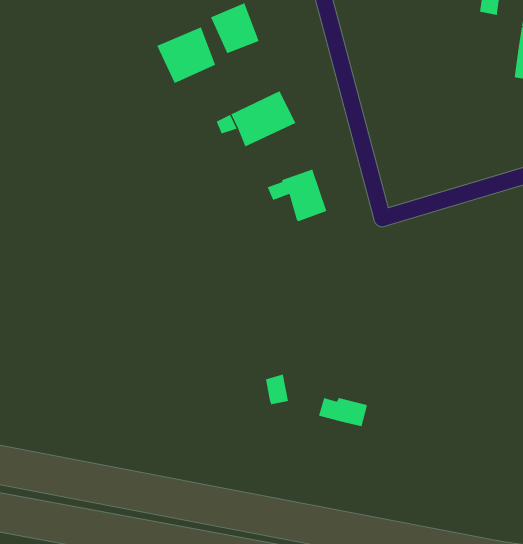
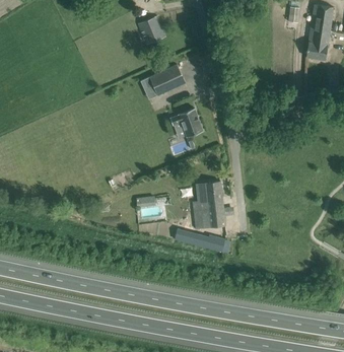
building: [156,27,216,84] -> none
building: none -> [193,182,224,230]

